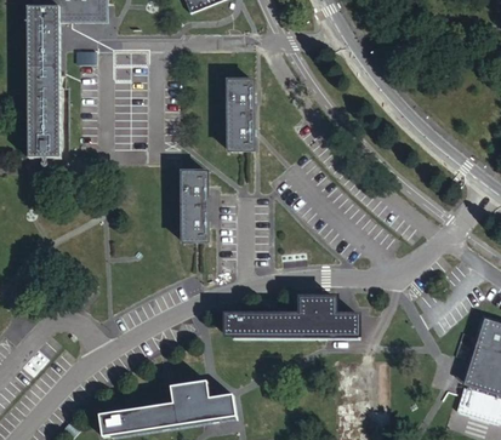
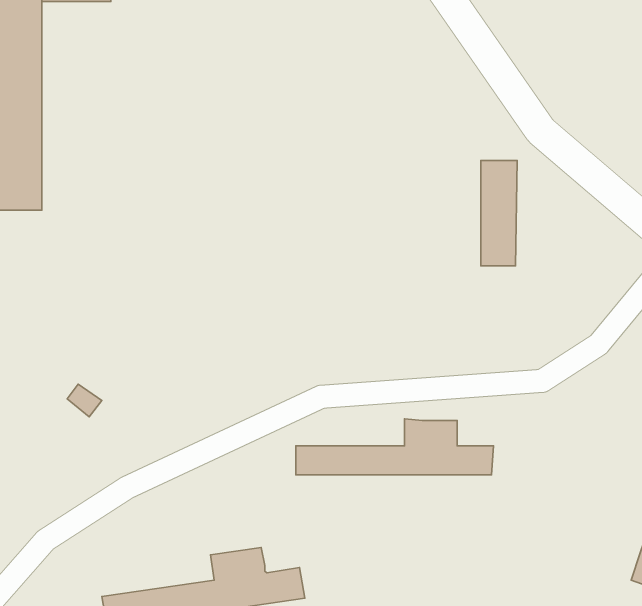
building: [228,79,252,149] -> [481,161,517,266]
building: [182,170,206,240] -> none

